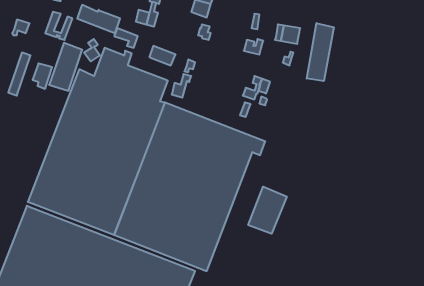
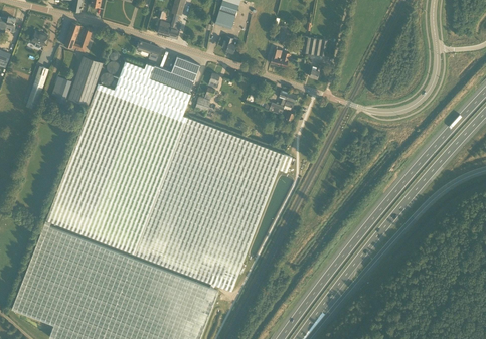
building: [77,5,120,33] -> [148,65,192,95]
building: [307,23,334,81] -> none
building: [248,187,287,234] -> none

